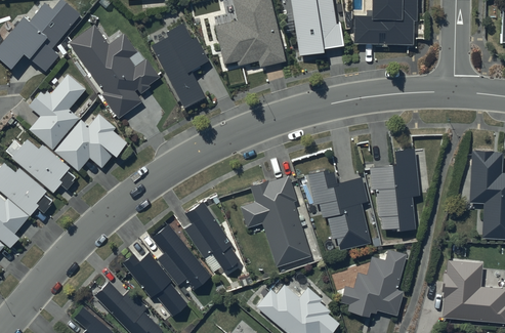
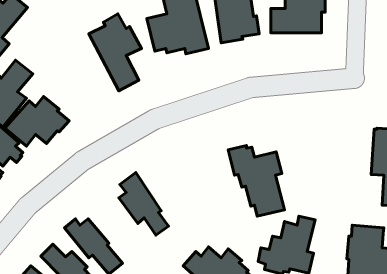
building: [68,24,159,119] -> none
building: [370,150,419,230] -> none
building: [241,175,311,266] -> none
building: [151,223,211,289] -> none

